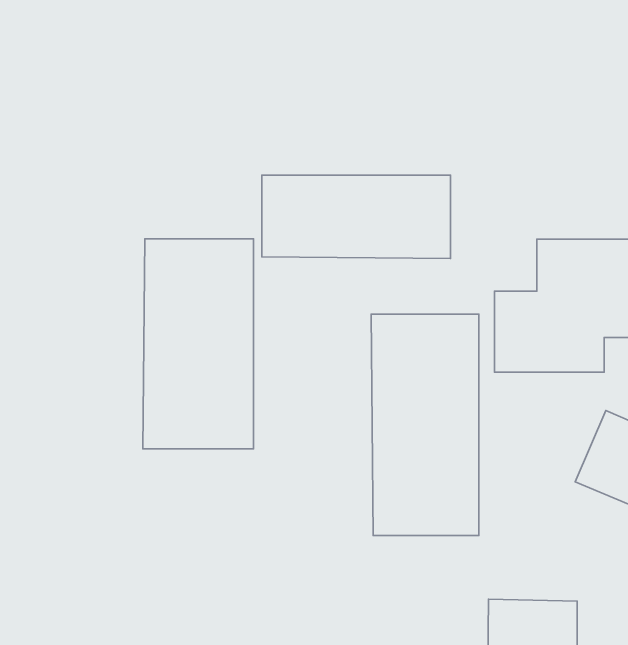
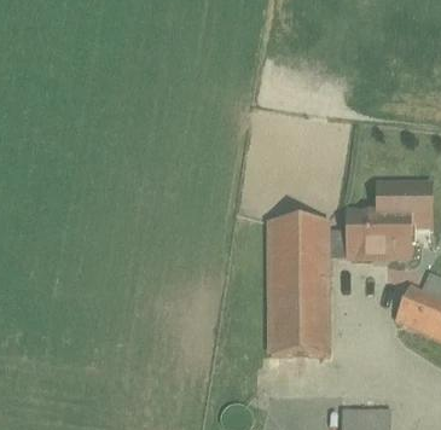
building: [262,175,451,258] -> none
building: [143,239,254,449] -> none

